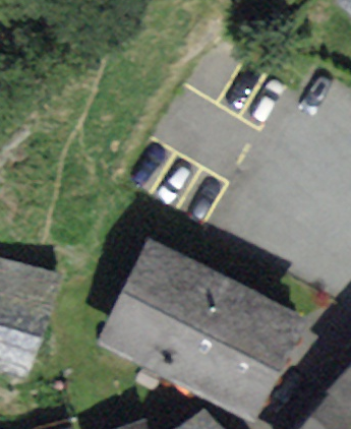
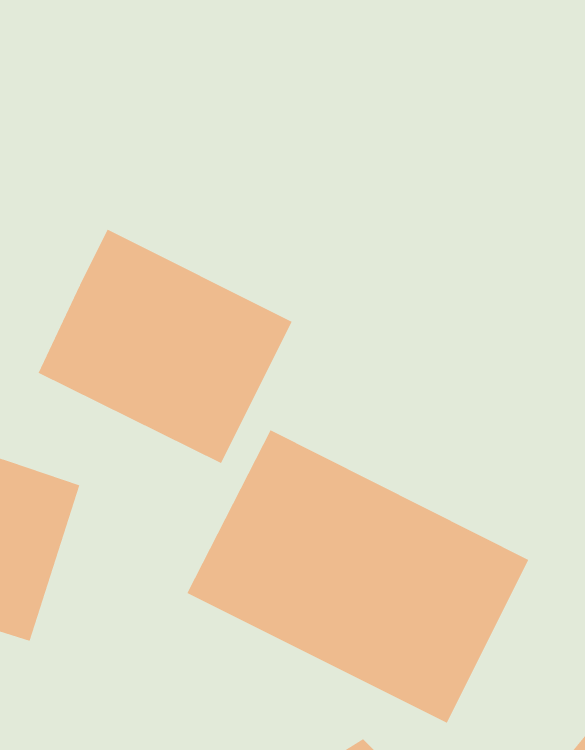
building: none -> [38,229,292,464]

